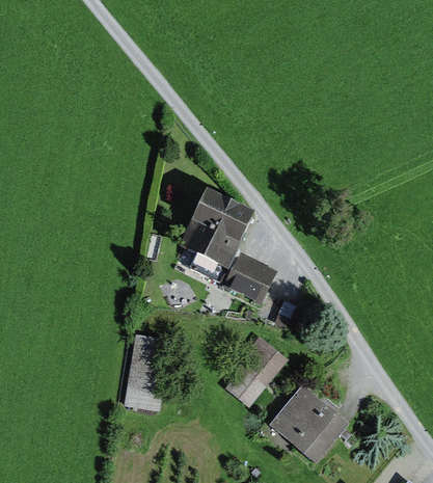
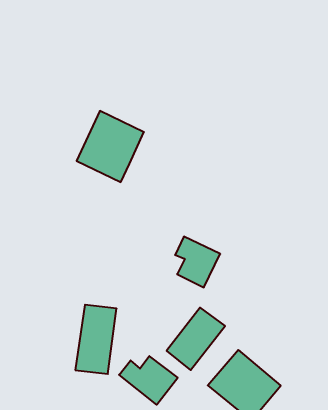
building: [184,205,256,281] -> [77,111,144,182]
building: none -> [119,356,178,405]

